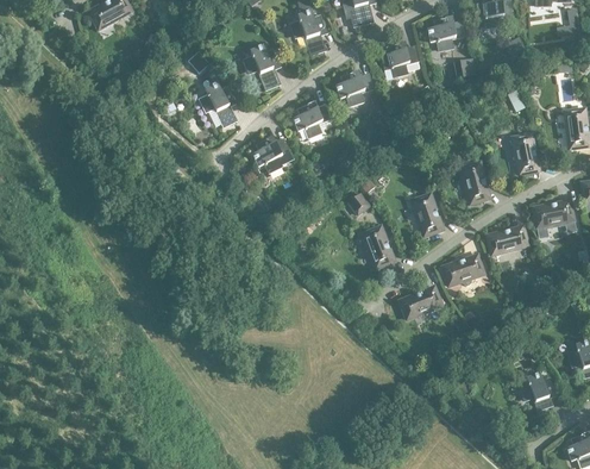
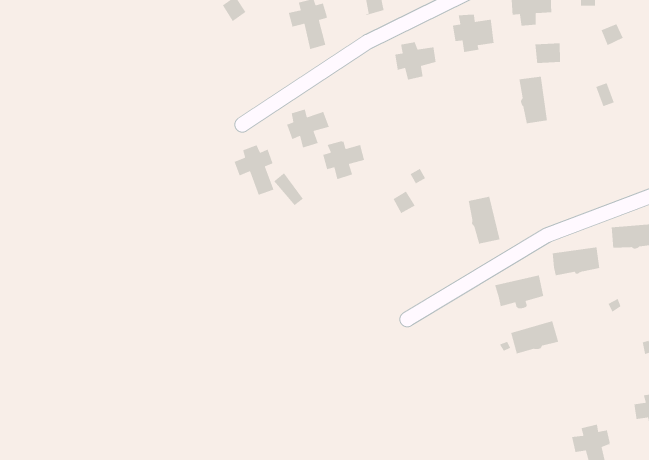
building: [199,81,237,126] -> [234,141,276,196]
building: [290,105,329,138] -> [320,141,366,180]
building: [510,133,538,175] -> none
building: [459,162,488,204] -> [518,76,548,124]
building: [362,226,394,270] -> none
building: [398,287,440,319] -> [510,320,559,355]

